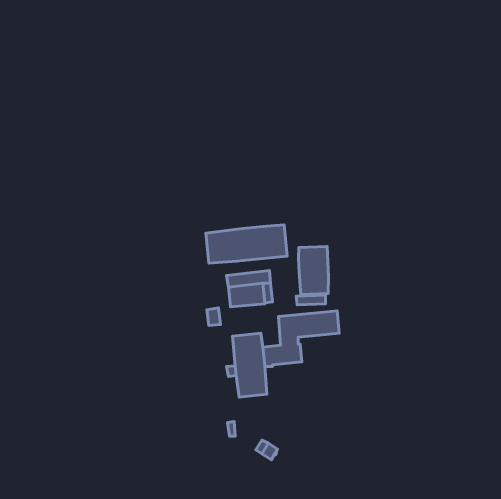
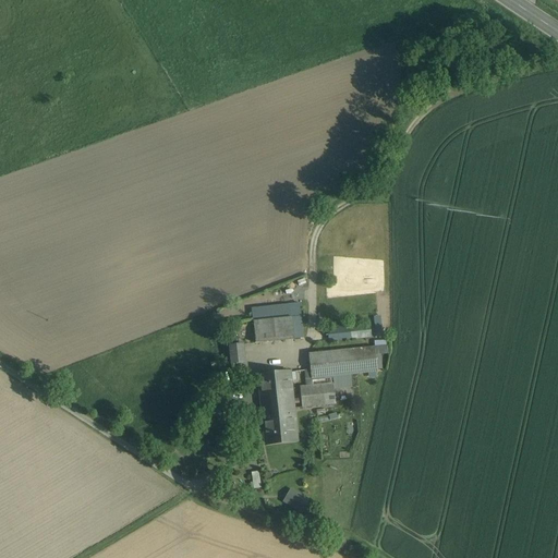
building: [206,225,287,263] -> none
building: [299,247,328,294] -> none

